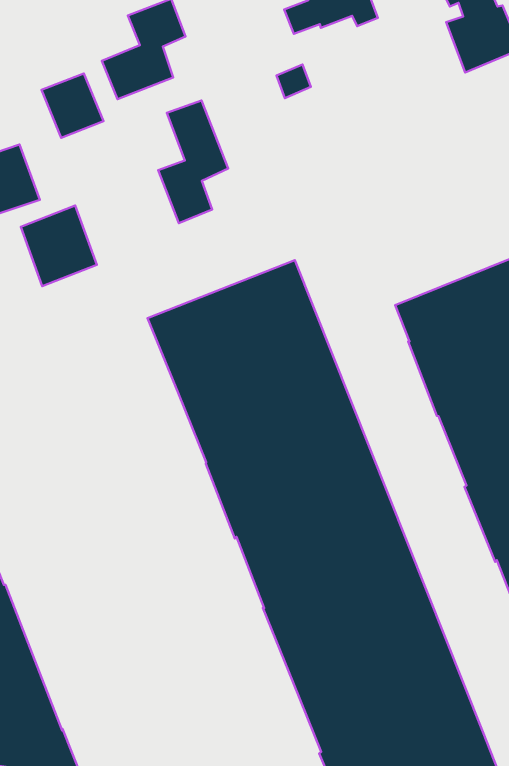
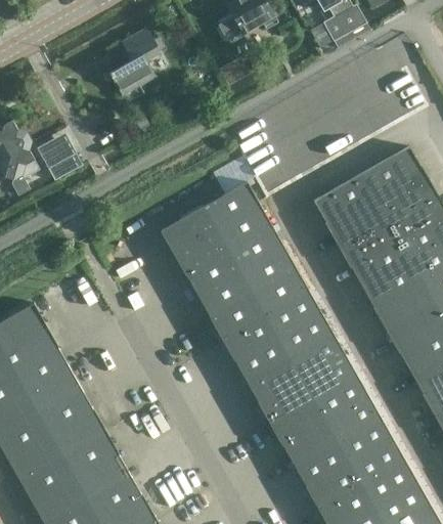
building: [42,73,104,138] -> none
building: [158,100,228,223] -> none
building: [21,206,97,286] -> none

